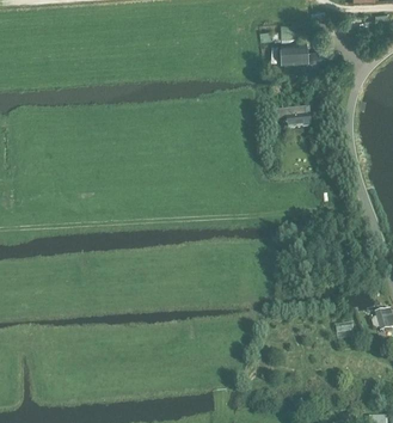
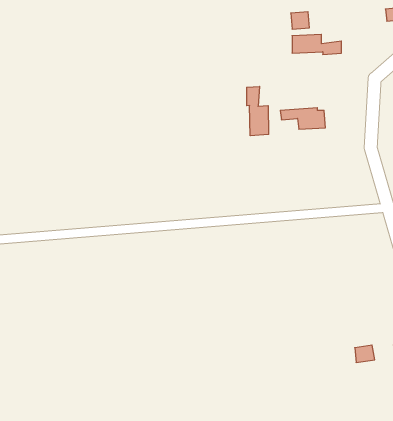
building: none -> [247,86,269,136]

